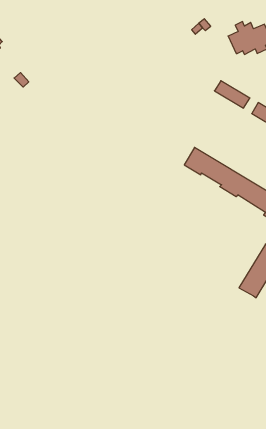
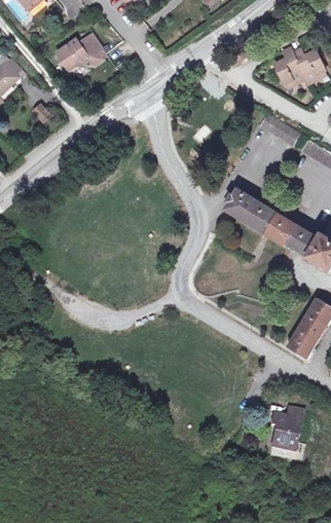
building: none -> [56,33,106,70]
building: none -> [270,406,303,452]

